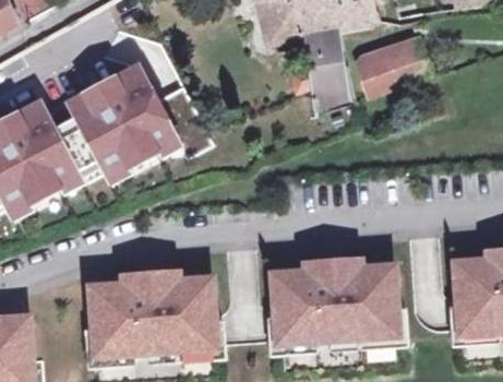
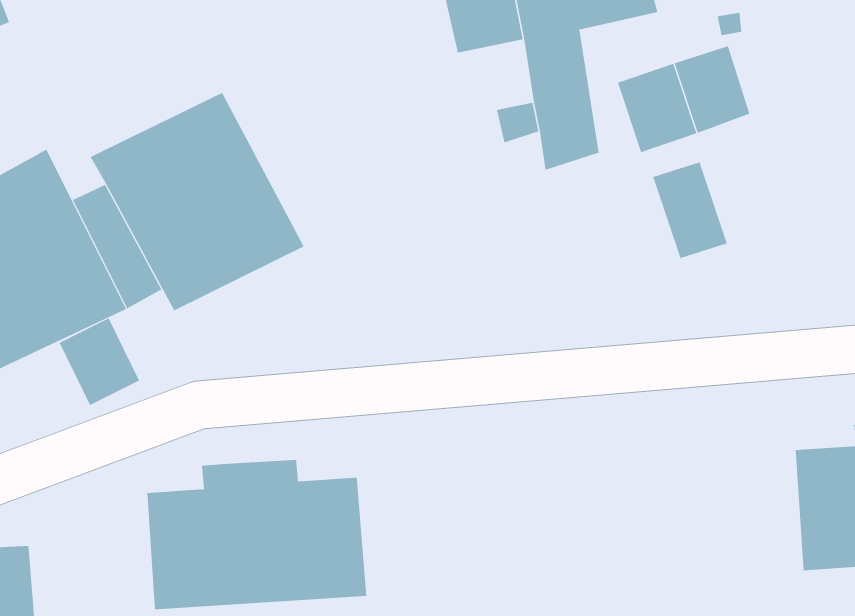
building: none -> [653,161,727,259]
building: none -> [59,318,140,406]
building: [274,256,398,341] -> none

